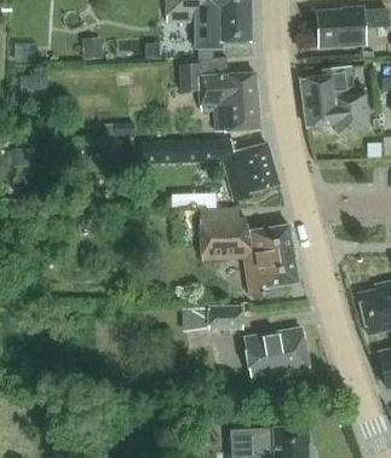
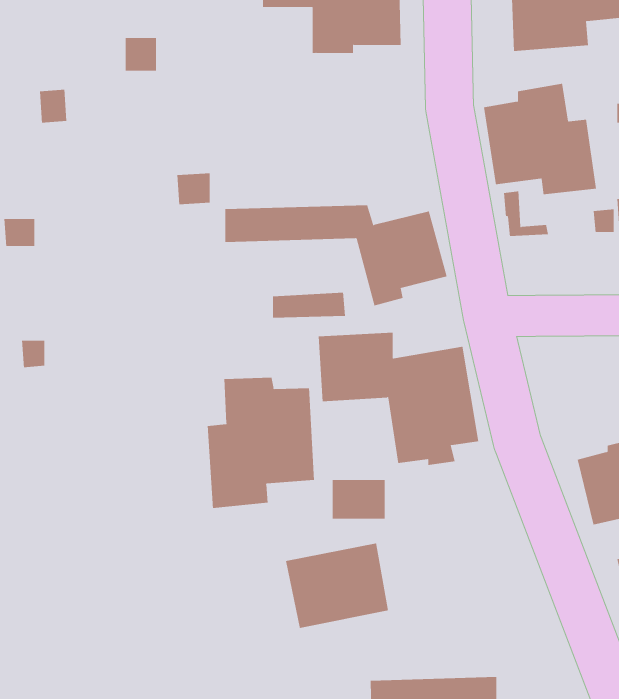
building: [179,56,259,129] -> none
building: none -> [207,377,315,509]
building: [245,327,307,379] -> [285,543,389,629]

